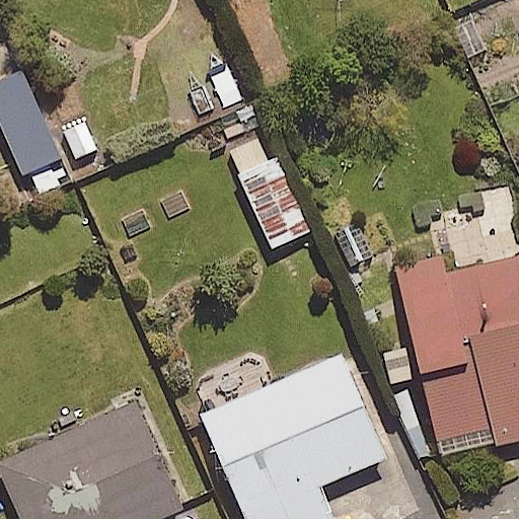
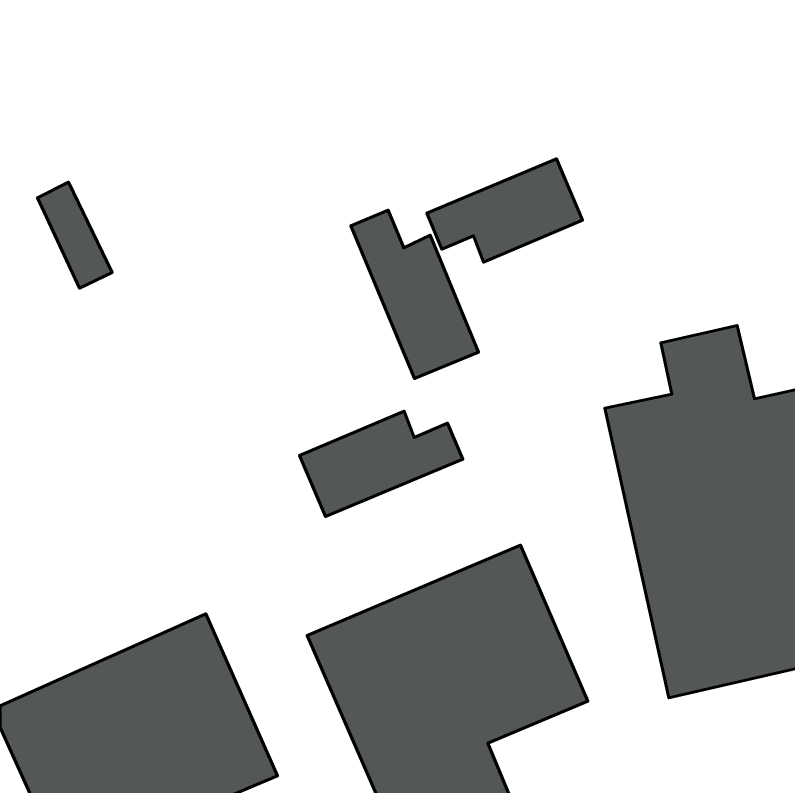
building: none -> [427,159,582,262]
building: none -> [300,411,463,517]

